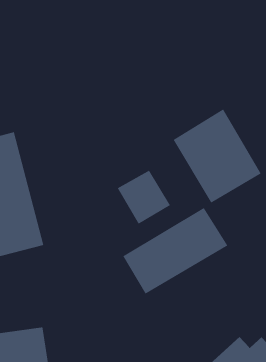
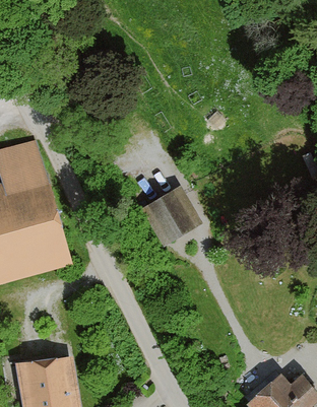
building: [173,109,261,204] -> none
building: [123,207,228,294] -> none

